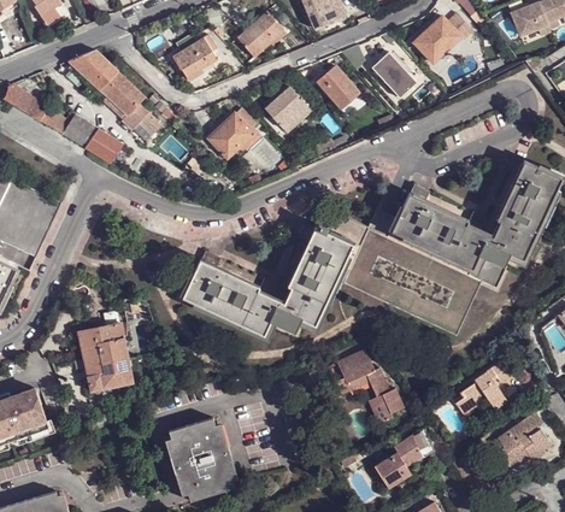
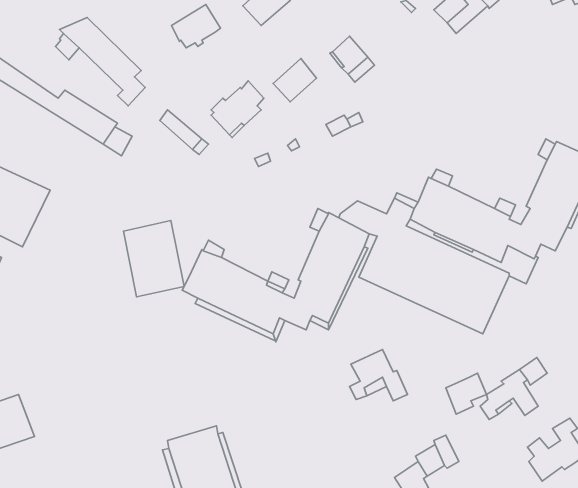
building: [370,49,410,89] -> none
building: [78,324,134,394] -> [123,221,184,297]
building: [366,388,404,425] -> [446,373,487,414]

